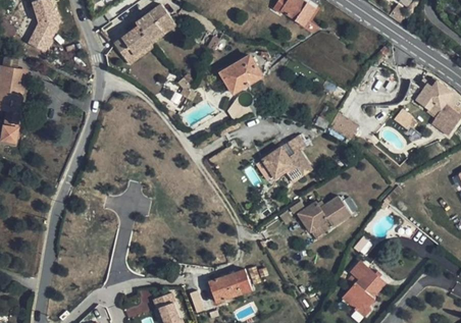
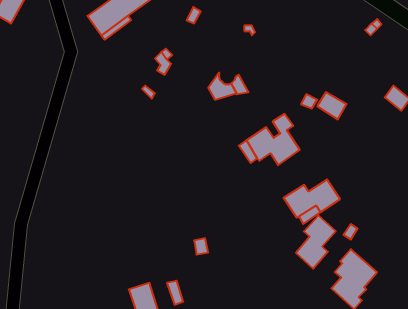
building: [221,55,262,93] -> none
building: none -> [296,215,336,269]
building: [209,268,252,303] -> none

